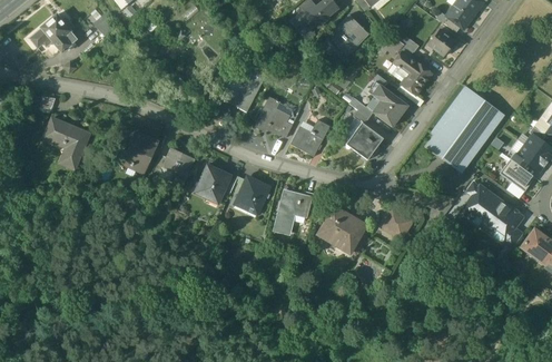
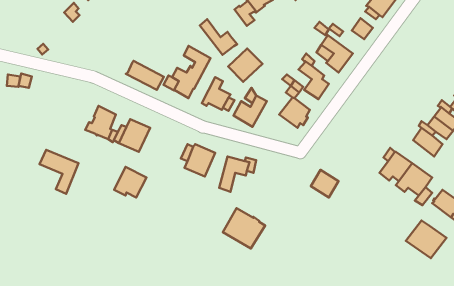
building: [30,14,77,52] -> none
building: [327,14,367,53] -> [228,48,262,82]
building: none -> [200,19,237,55]
building: none -> [126,61,164,90]
building: [424,86,502,173] -> none
building: [43,118,89,169] -> [39,150,79,194]
building: [194,165,231,200] -> [114,167,147,197]
building: [318,206,367,253] -> [223,208,265,248]
building: none -> [406,220,446,258]

